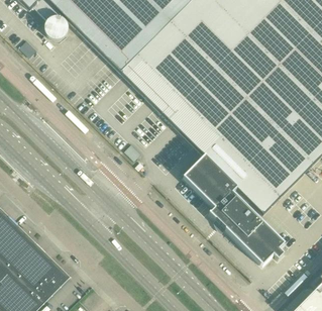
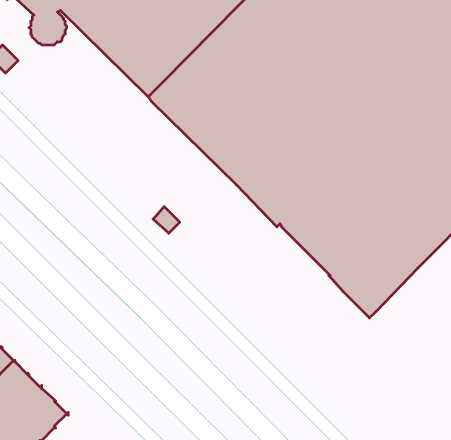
building: [184,157,284,266] -> none

